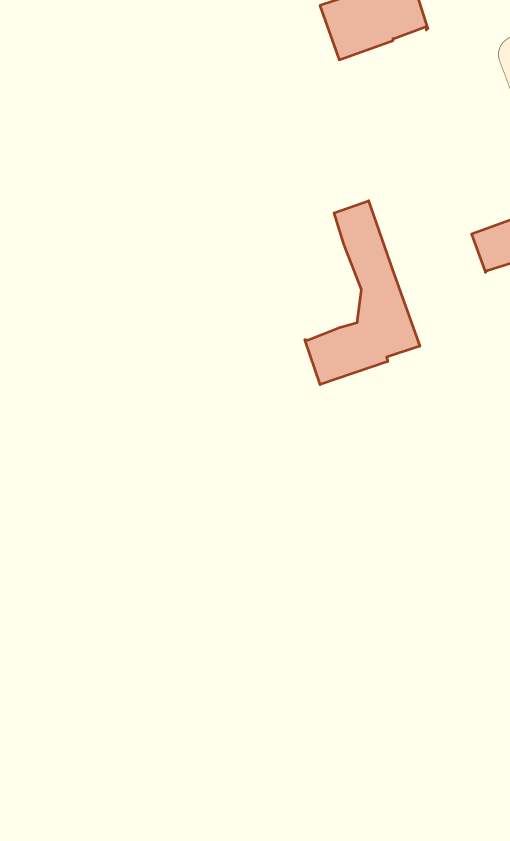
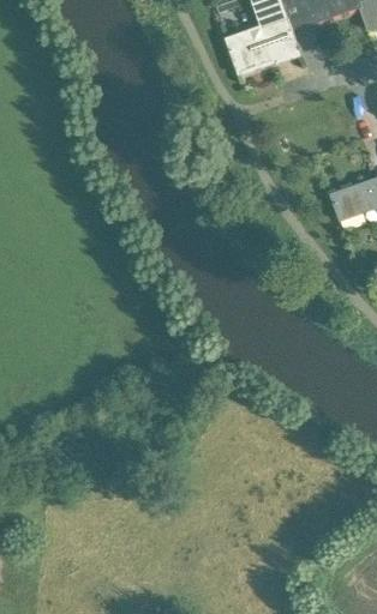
building: [305,201,420,385] -> none

